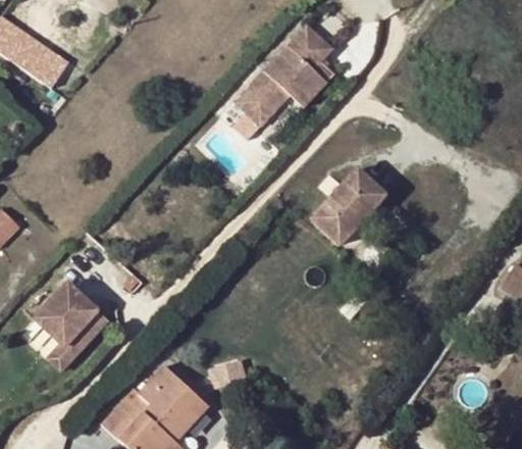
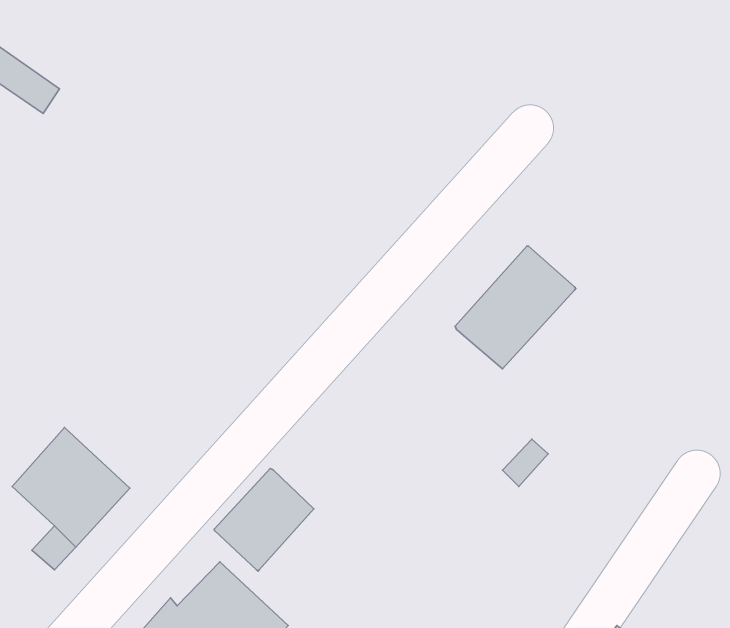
building: [236,29,329,126] -> none
building: none -> [214,468,314,571]

